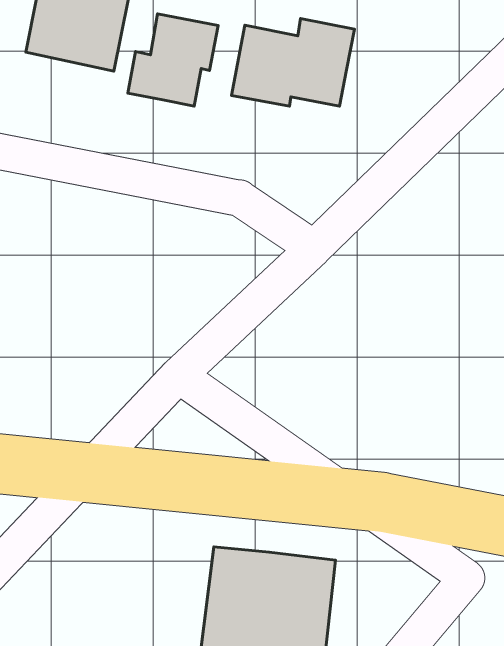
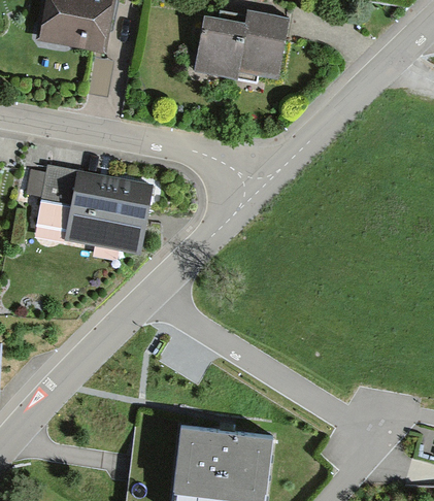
building: [128,14,218,106] -> none
building: none -> [26,164,153,254]

